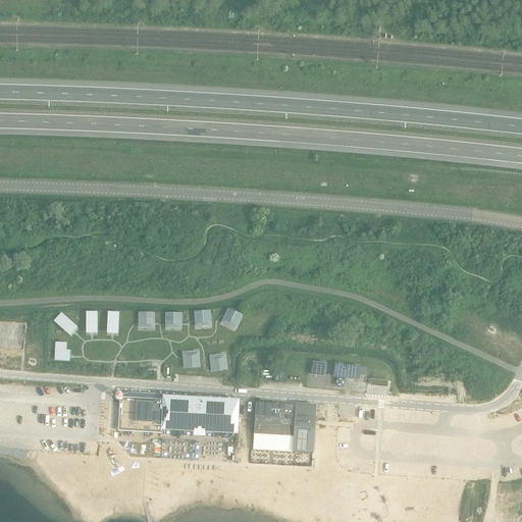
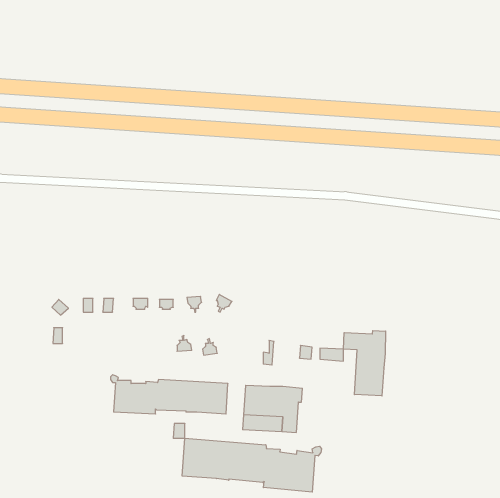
building: none -> [343,331,386,396]
building: none -> [182,438,321,492]

